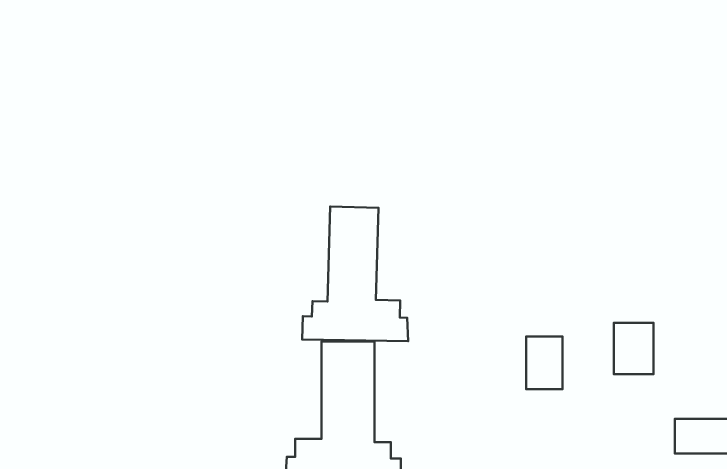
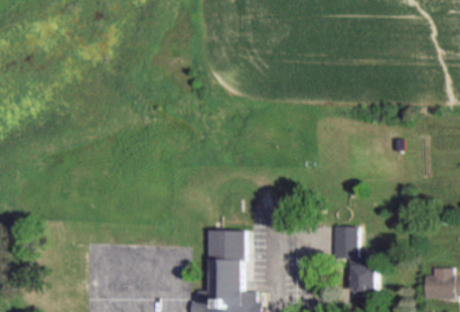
building: [302,207,408,341] -> none
building: [614,323,653,374] -> [354,265,378,296]

